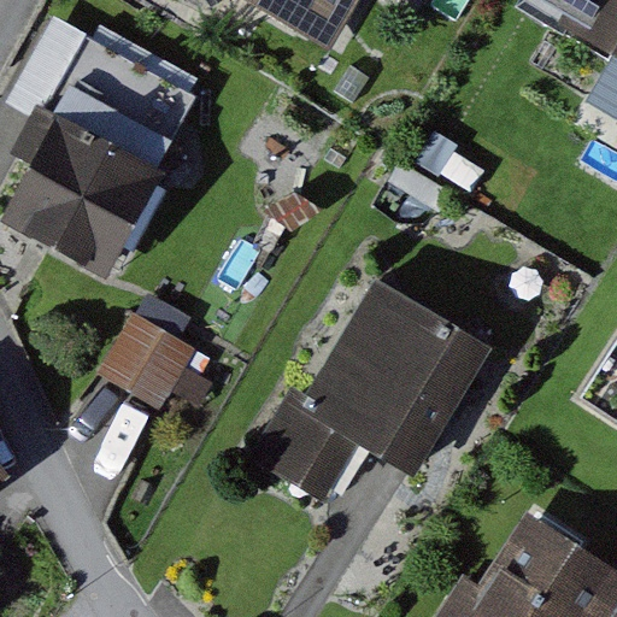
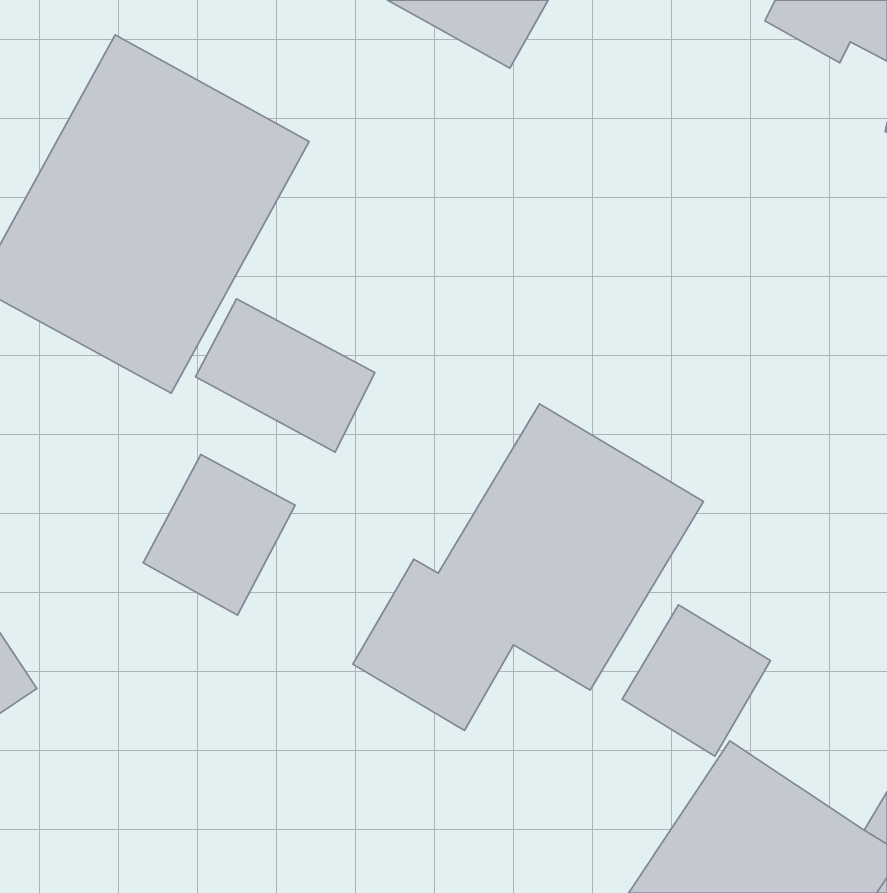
building: none -> [196,299,375,452]
building: none -> [622,605,770,756]

